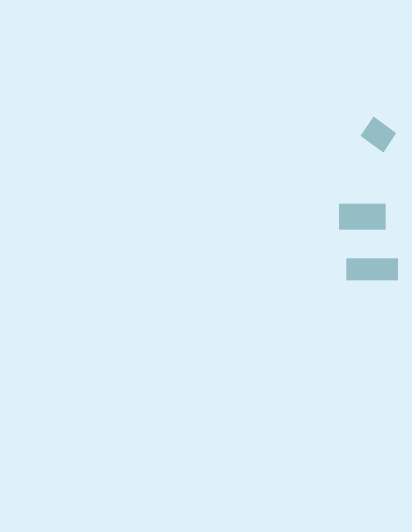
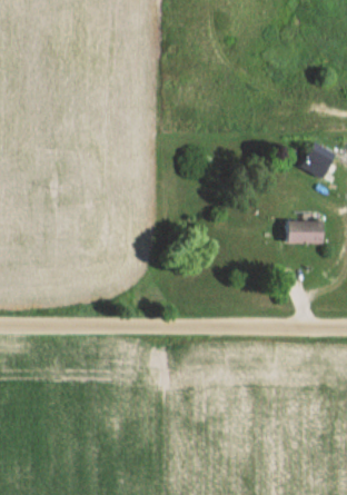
building: [346,257,398,281] -> none

